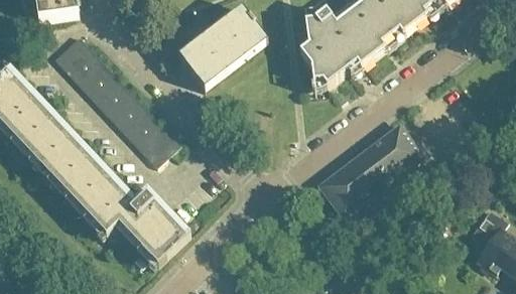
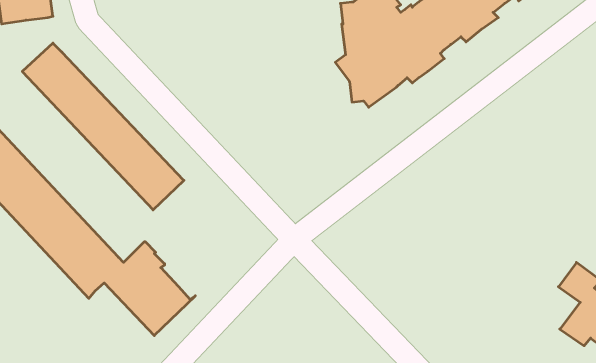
building: [178,6,267,89] -> none
building: [325,128,424,223] -> none

